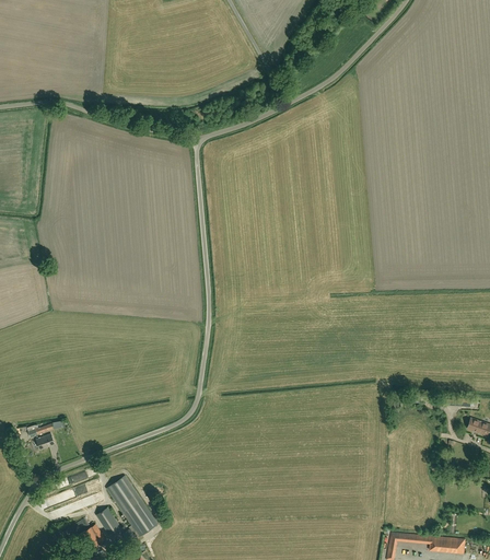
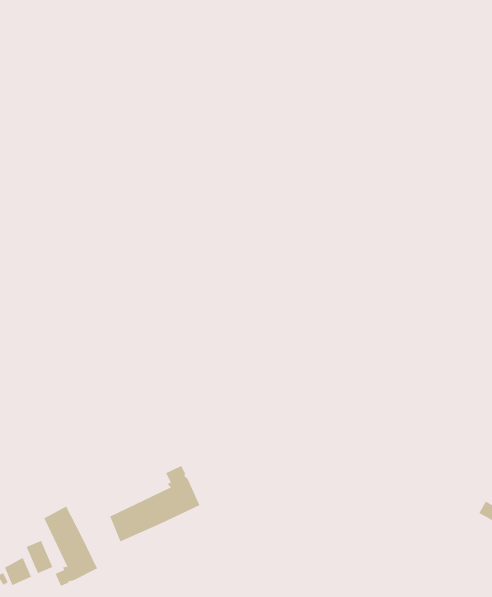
building: none -> [109,465,200,542]

